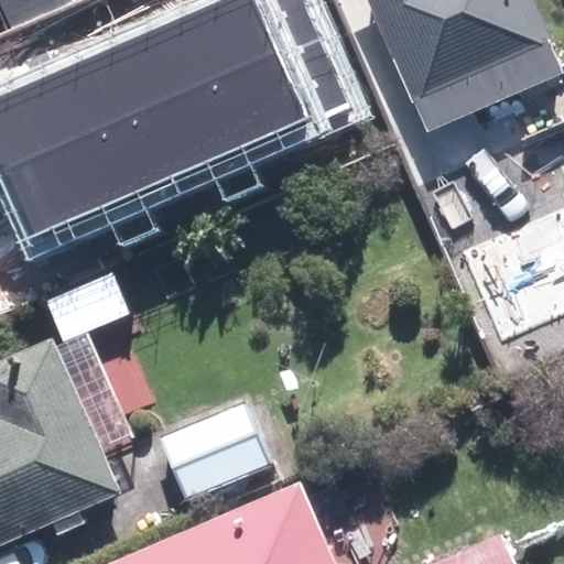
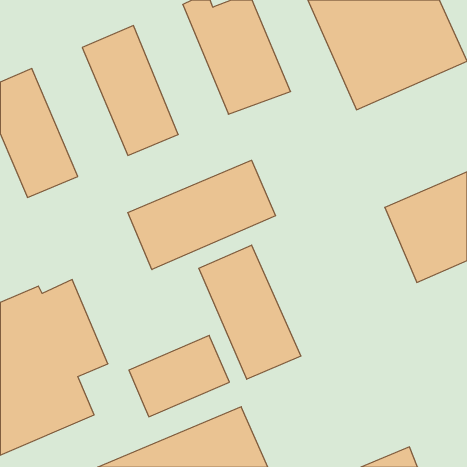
building: [161,6,275,162] -> none
building: [39,57,154,213] -> none
building: none -> [128,160,275,270]
building: none -> [199,245,301,379]

